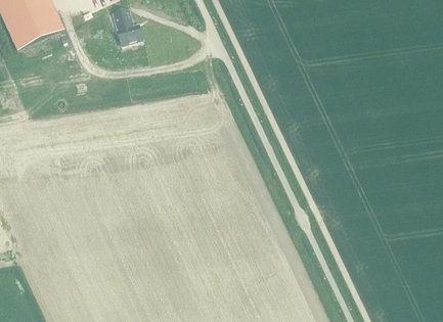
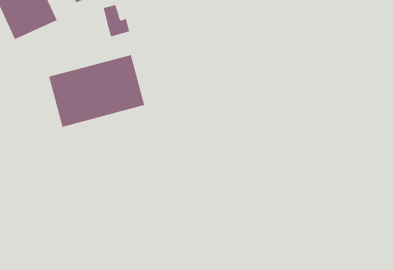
building: none -> [48,54,145,128]

